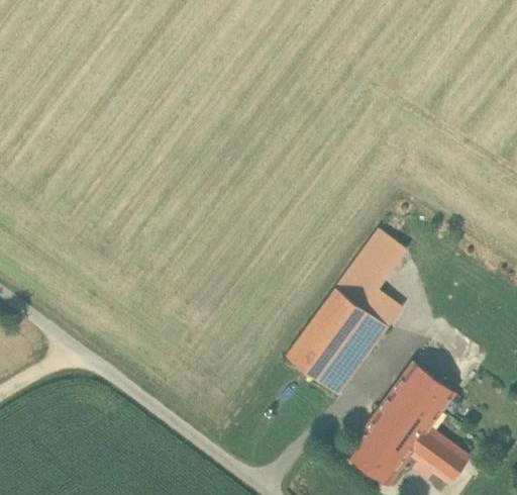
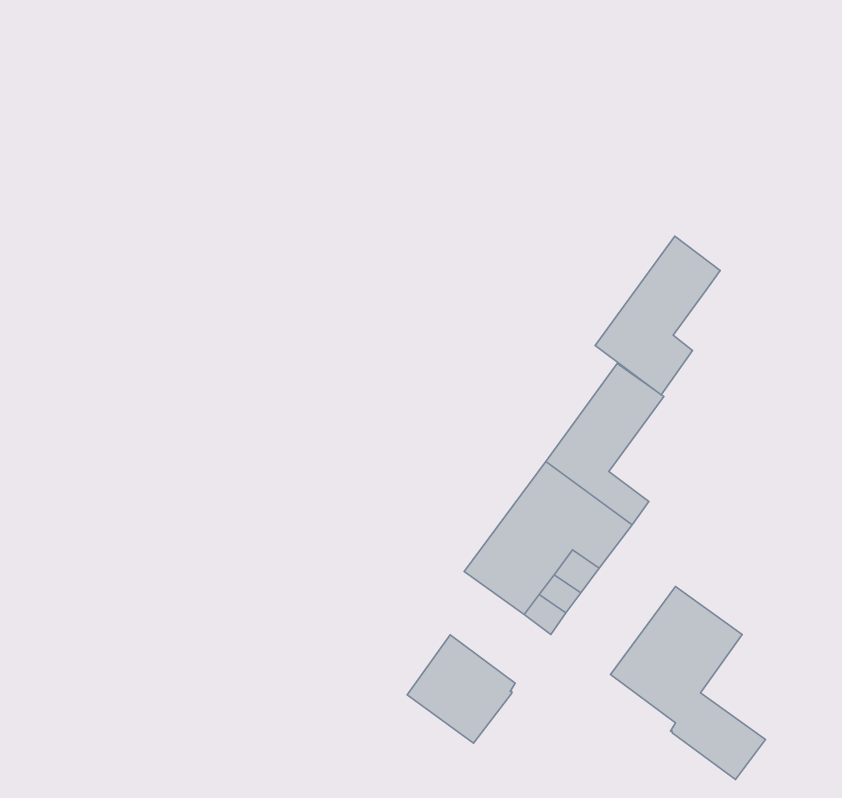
building: none -> [595,236,720,395]
building: [348,418,414,484] -> [407,635,515,743]

